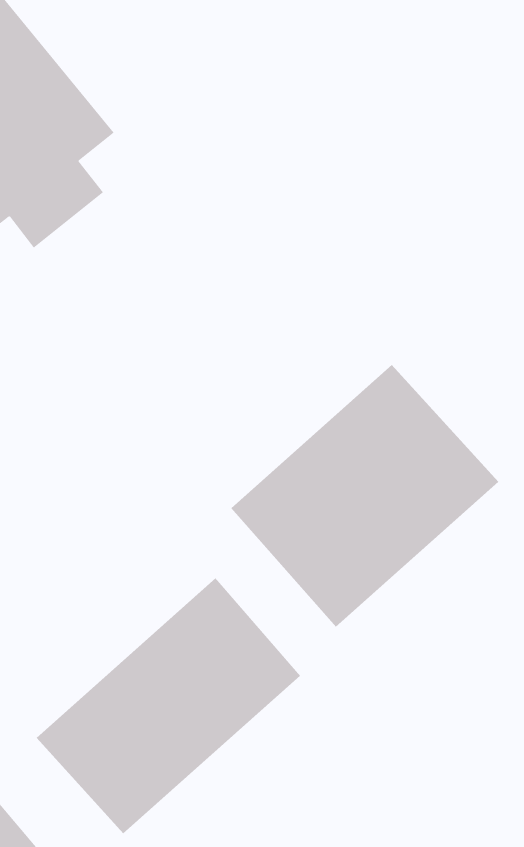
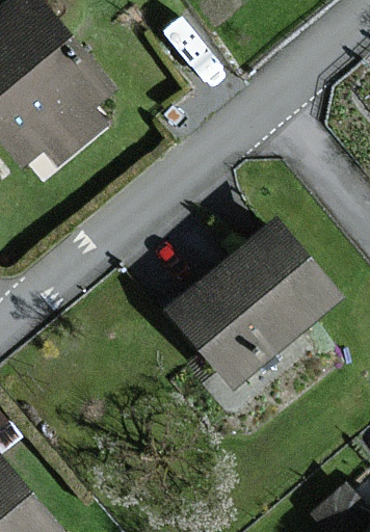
building: [36,578,301,834] -> none

